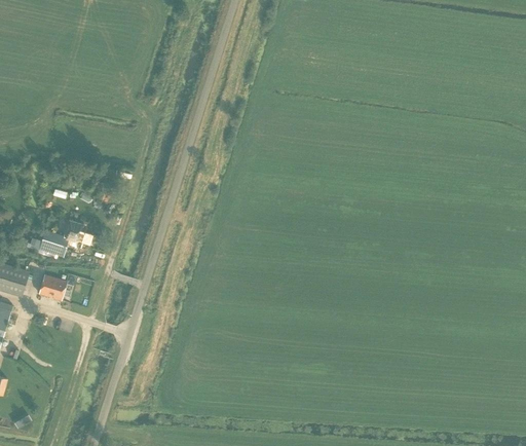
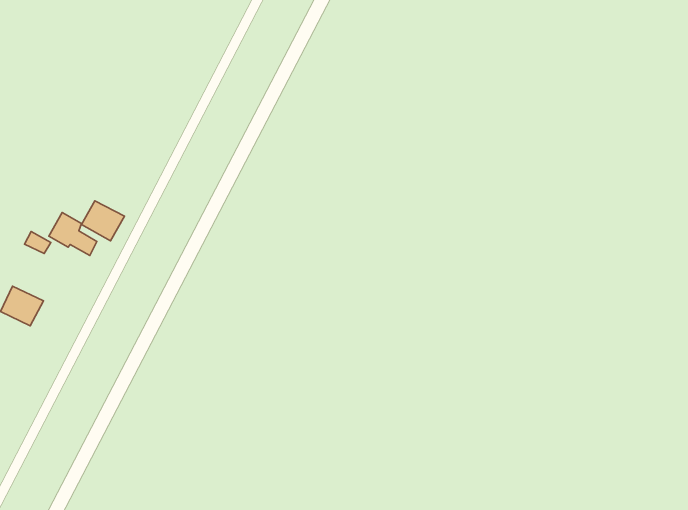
building: none -> [82,201,125,241]

